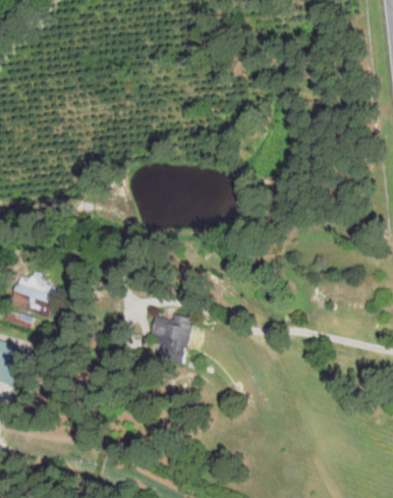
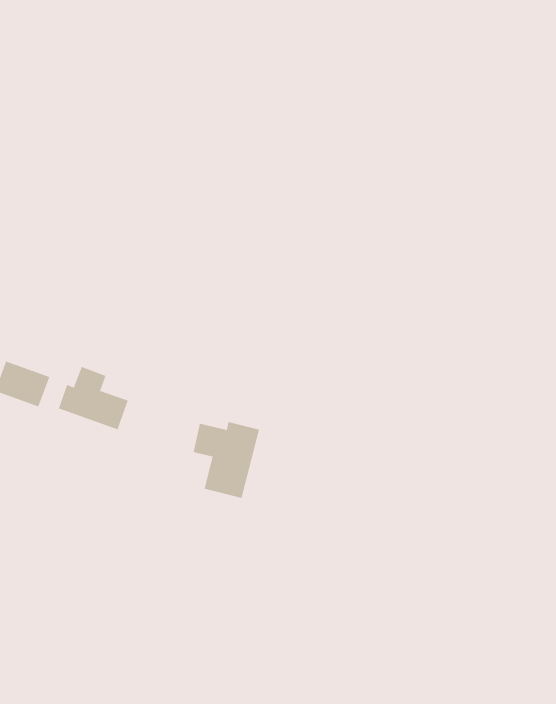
building: none -> [58,366,129,430]

